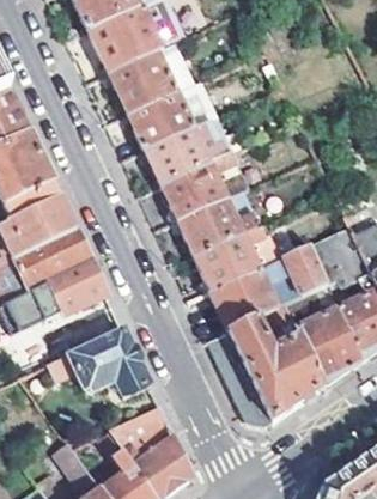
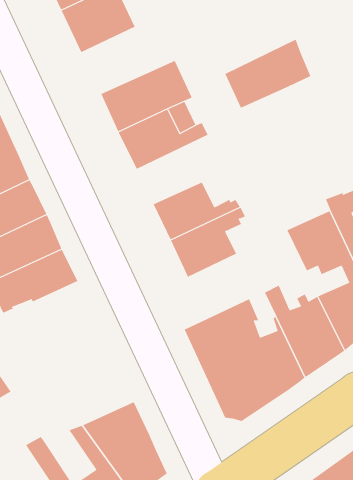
building: [108,47,175,111] -> none
building: [162,151,245,218] -> [224,39,311,108]
building: [211,243,326,328] -> none
building: [48,328,148,396] -> none

